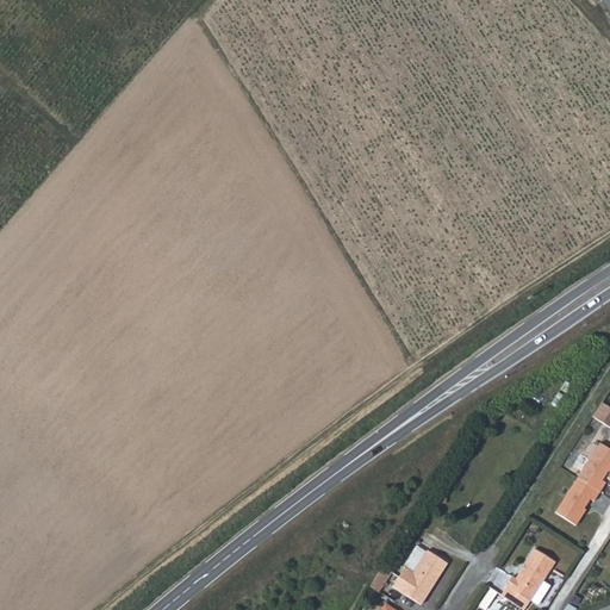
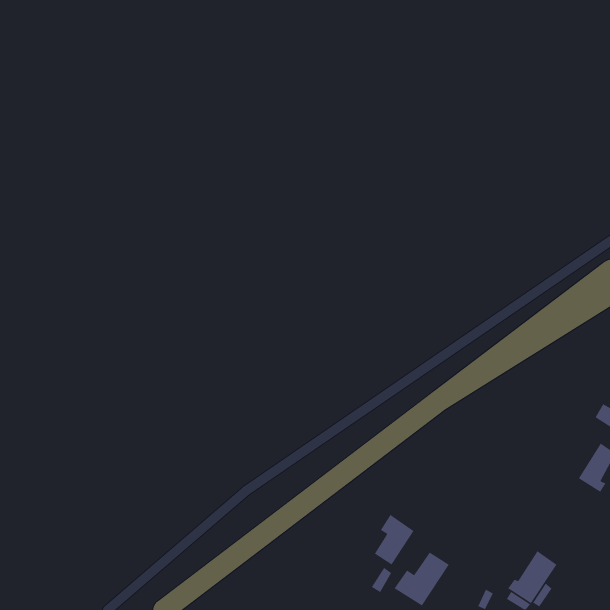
building: [555,477,599,525] -> none
building: none -> [374,514,415,565]

